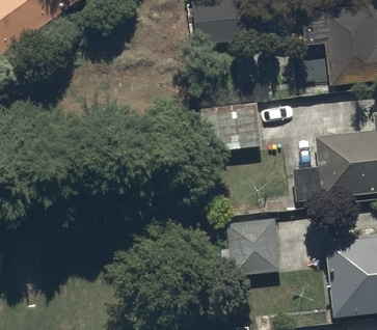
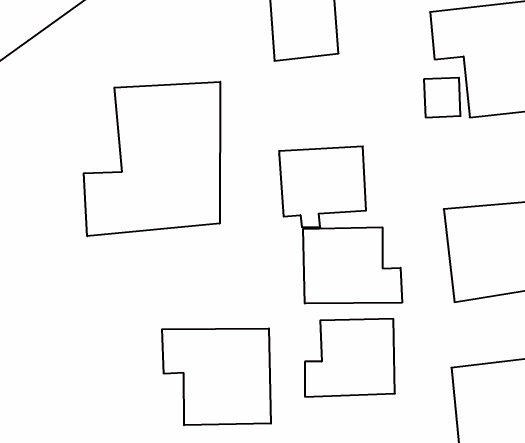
building: none -> [84,82,220,236]
building: none -> [303,227,402,304]
building: none -> [162,328,271,425]

